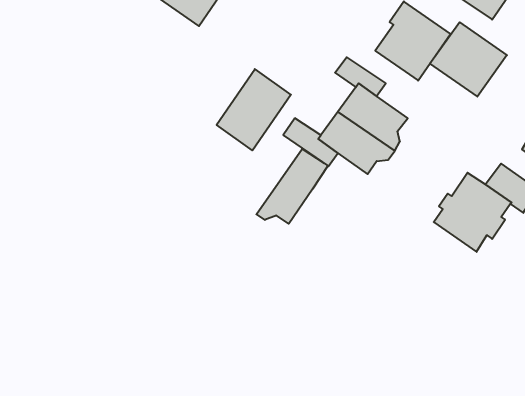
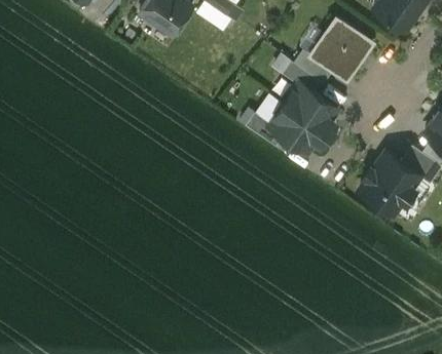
building: [430,22,507,97] -> none
building: [217,69,291,150] -> none
building: [256,149,328,224] -> none

